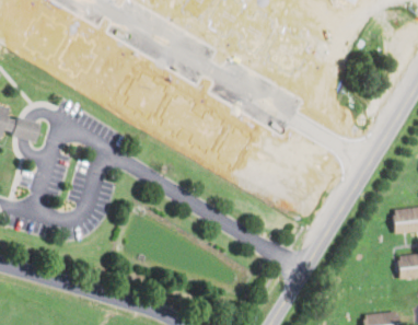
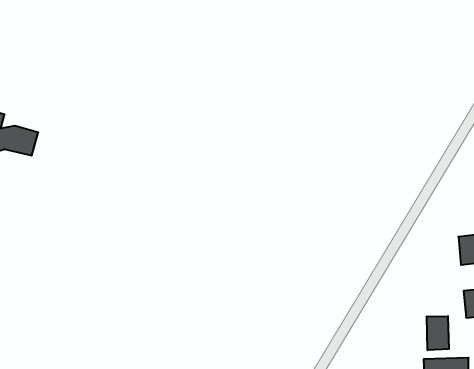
building: none -> [427,316,449,350]

